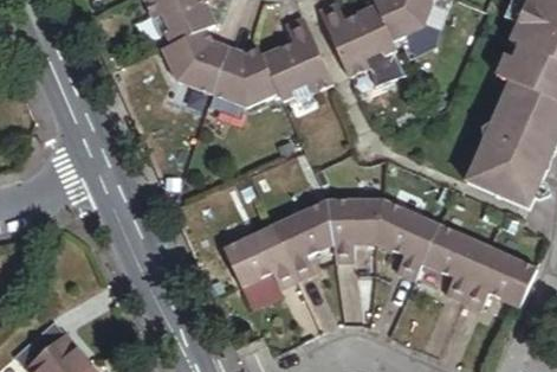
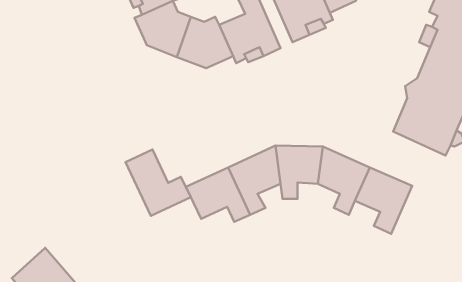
building: none -> [125,150,191,216]
building: [464,245,536,309] -> none

